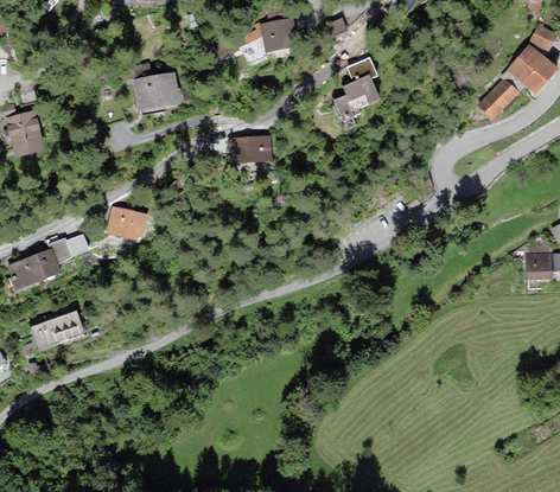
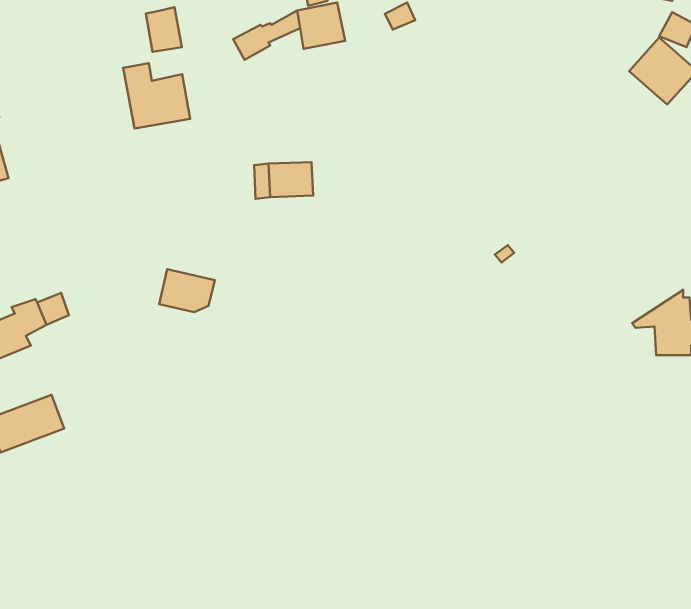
building: none -> [146,7,182,52]
building: [331,56,381,122] -> none
building: [476,69,526,121] -> none
building: [107,207,148,239] -> [159,269,215,312]

